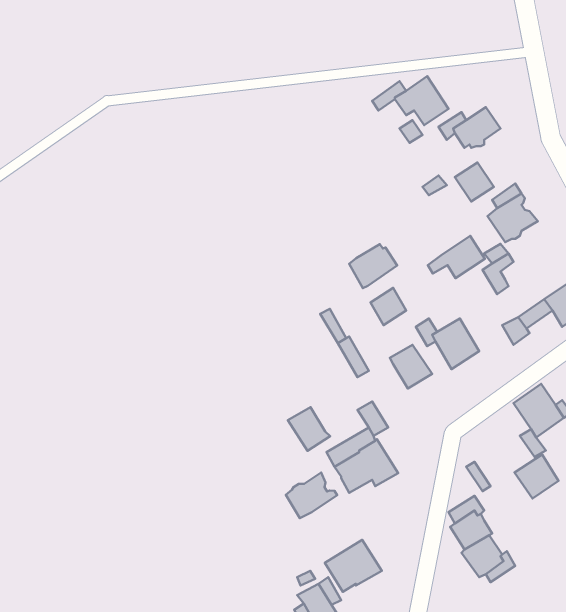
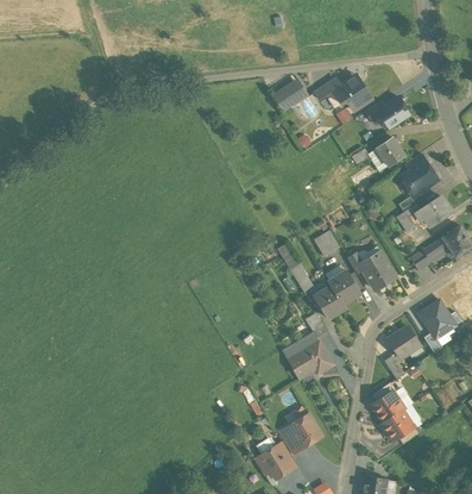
building: none -> [273,77,308,112]
building: [428,236,485,278] -> [409,196,451,227]
building: [349,244,397,288] -> none
building: [288,407,330,451] -> [314,286,345,318]
building: [515,455,559,499] -> [388,326,420,358]
building: [286,472,337,518] -> none

